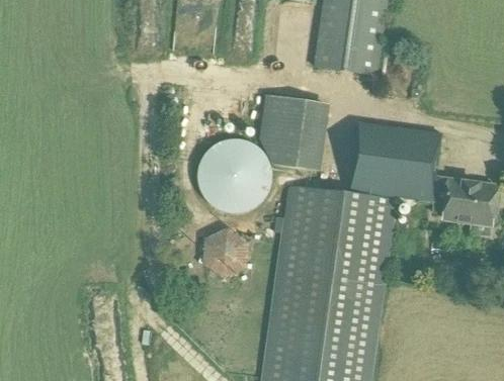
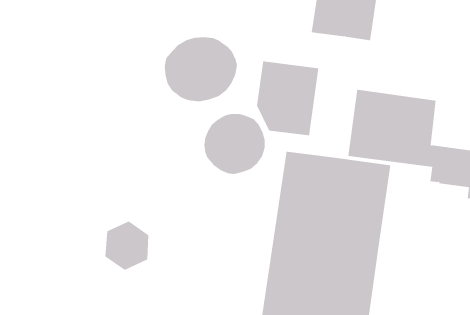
building: none -> [164,37,237,102]
building: [202,227,247,277] -> [105,221,149,271]

